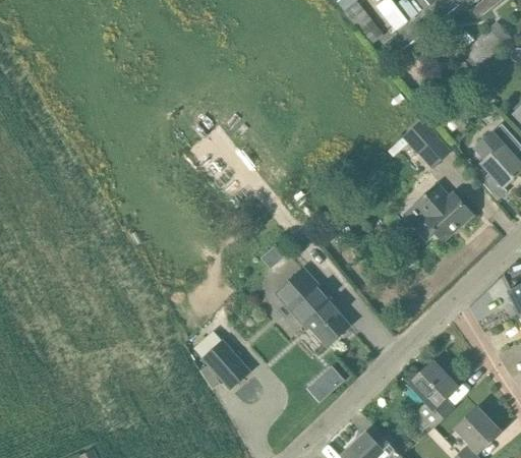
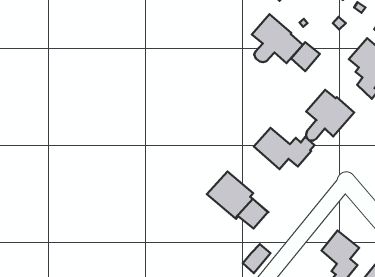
building: none -> [252,14,303,63]
building: none -> [254,128,315,169]
building: [192,329,249,389] -> none

